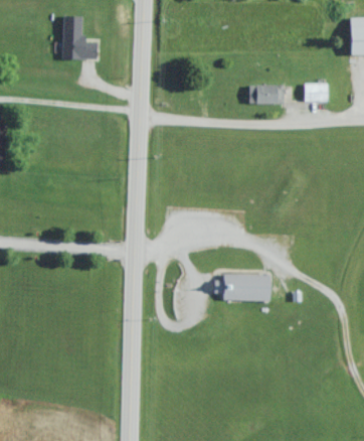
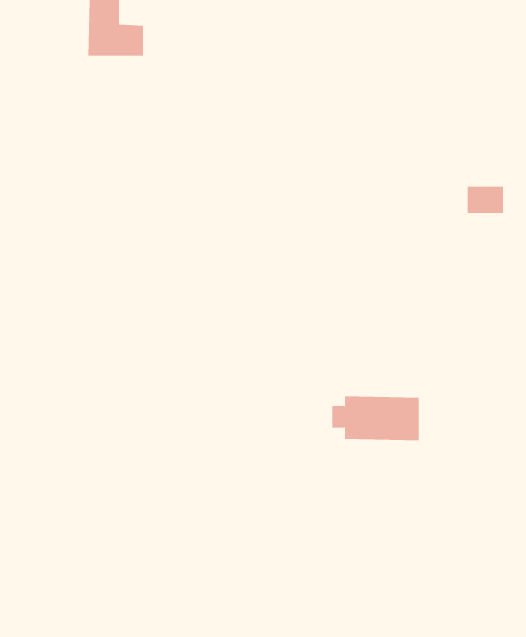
building: [249,84,282,102] -> none
building: [304,85,327,102] -> [467,186,504,214]

